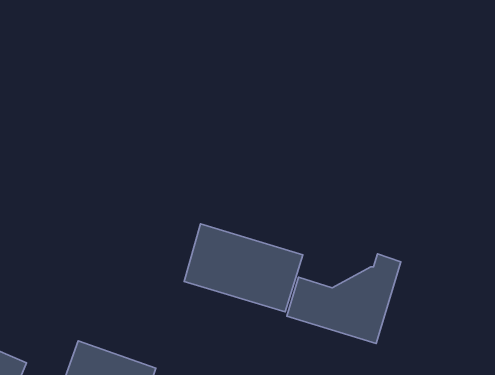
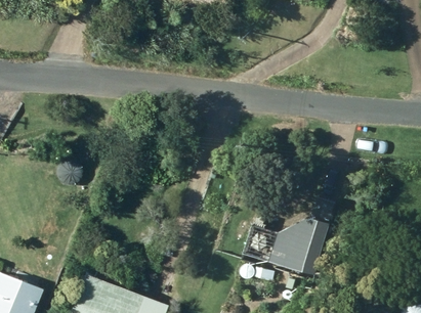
building: [184,224,303,312] -> none

